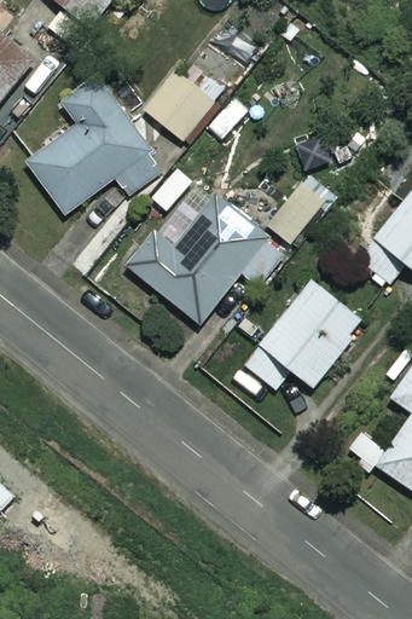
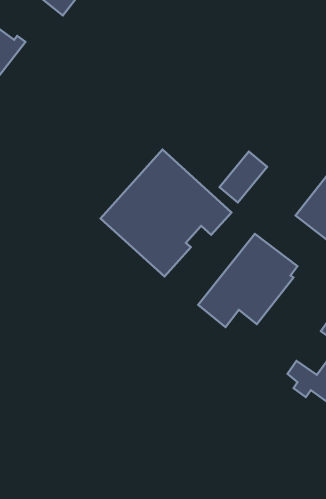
building: [144,68,224,139] -> none
building: [27,76,161,214] -> none

